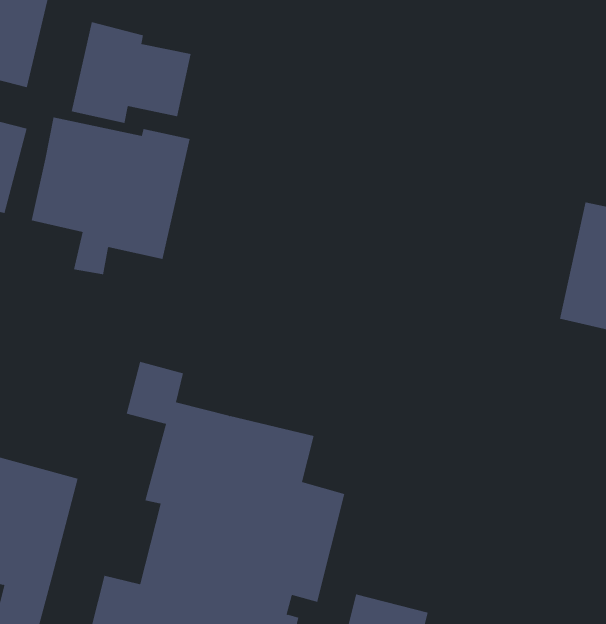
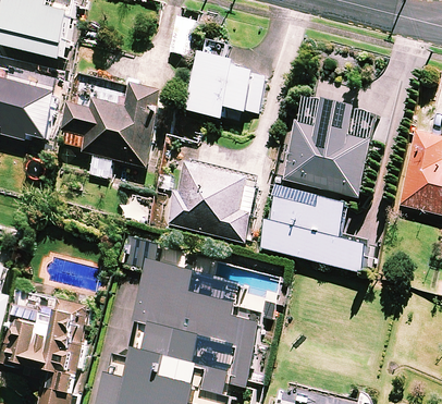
building: [71,22,191,123] -> [186,52,263,118]
building: none -> [283,97,373,198]
building: none -> [169,160,259,243]
building: none -> [259,186,366,271]

